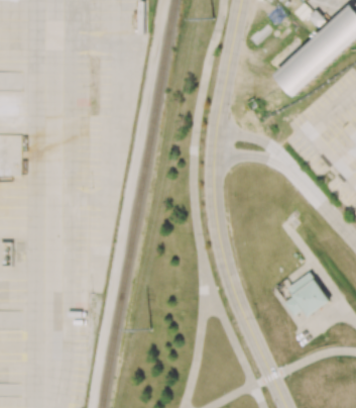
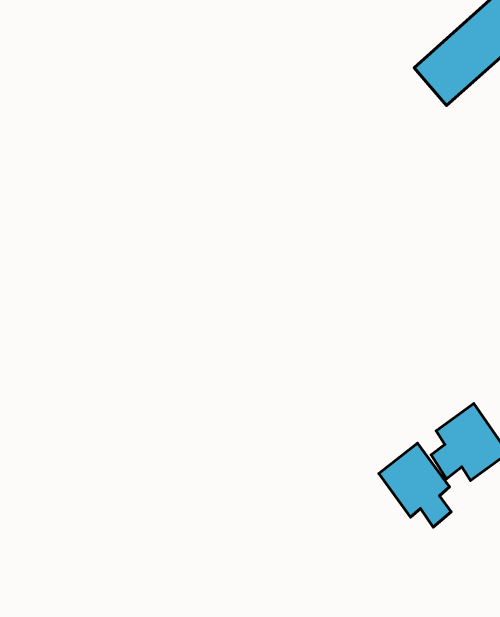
building: none -> [379,443,451,527]

